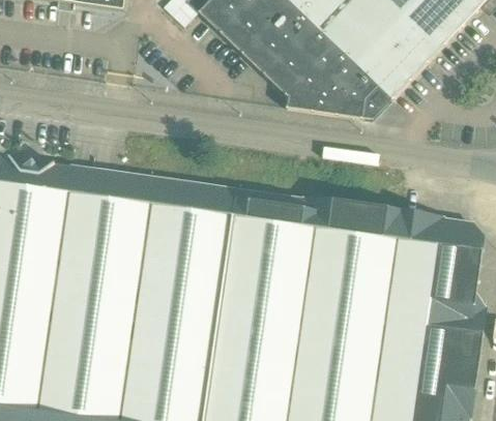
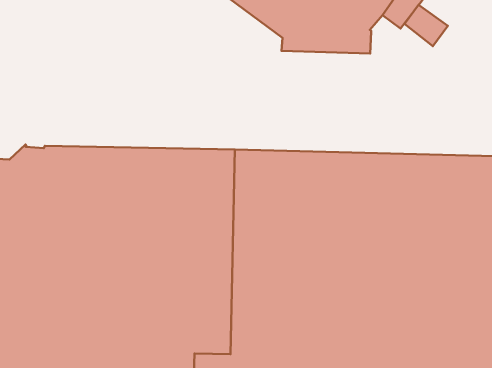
building: none -> [404,5,448,46]

